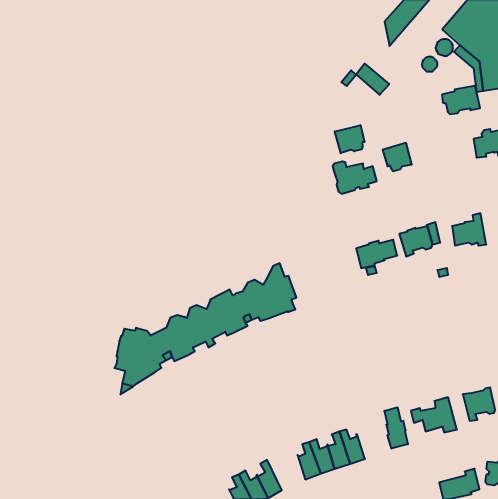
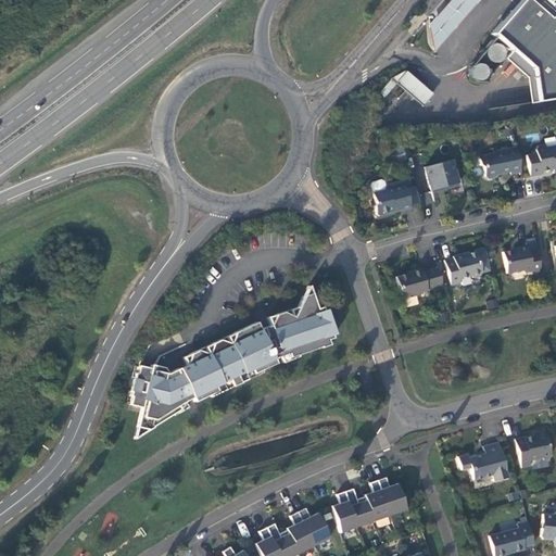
building: [442,86,480,114] -> [480,147,522,178]
building: [335,125,365,153] -> none
building: [384,407,408,449] -> none
building: none -> [299,507,331,544]

